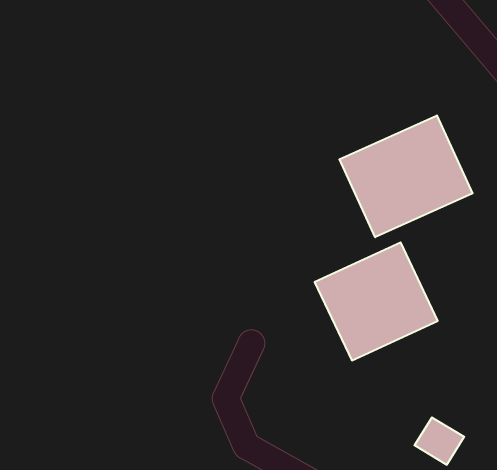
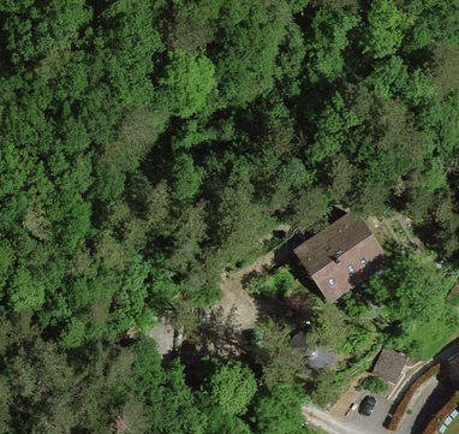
building: [339,115,473,237] -> none

